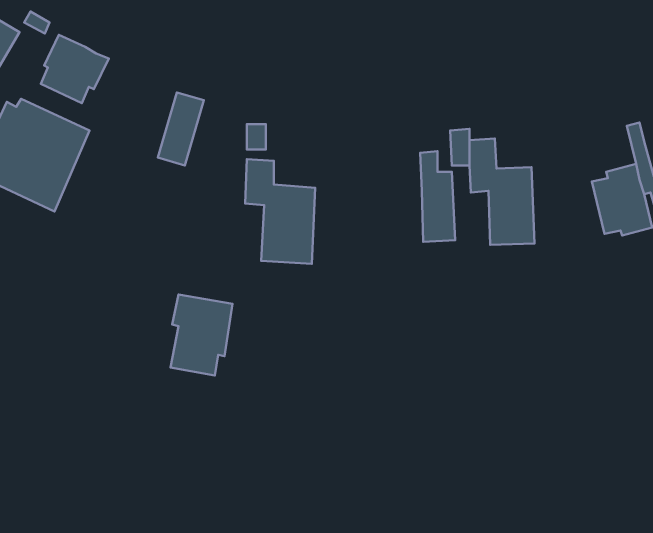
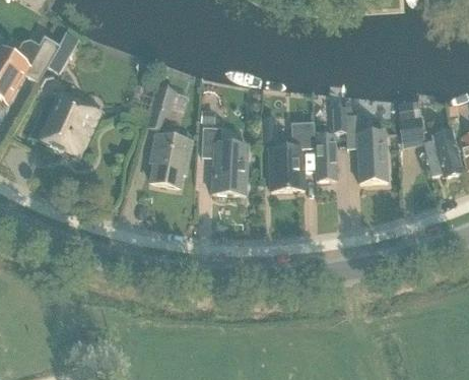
building: [41,35,109,103] -> none
building: none -> [399,113,425,144]
building: none -> [270,121,316,189]
building: [170,294,232,375] -> [151,133,191,185]

